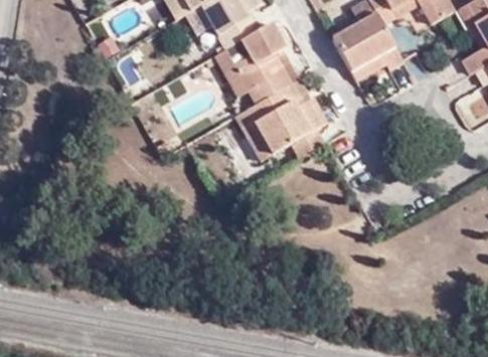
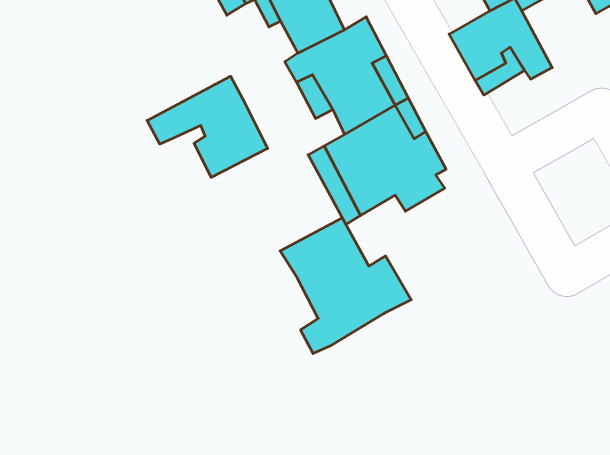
building: none -> [147,76,268,177]
building: none -> [280,218,411,354]

